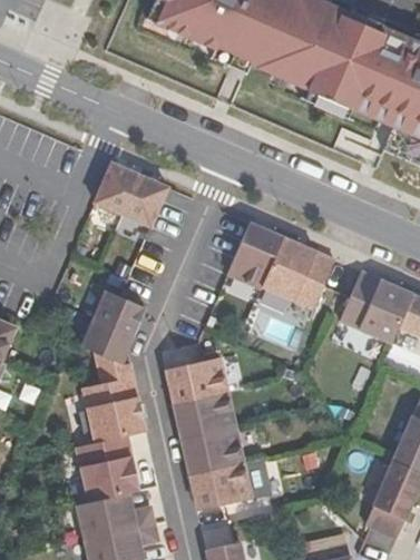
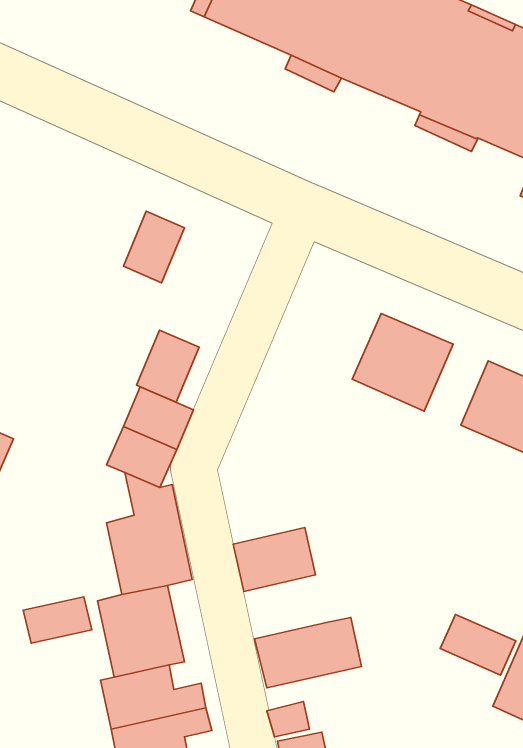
building: [123,175,168,227] -> [137,330,199,402]
building: [227,223,283,288] -> none
building: [166,358,227,405] -> none
building: [183,428,244,474] -> none
building: none -> [23,597,92,643]
building: none -> [440,614,516,675]

